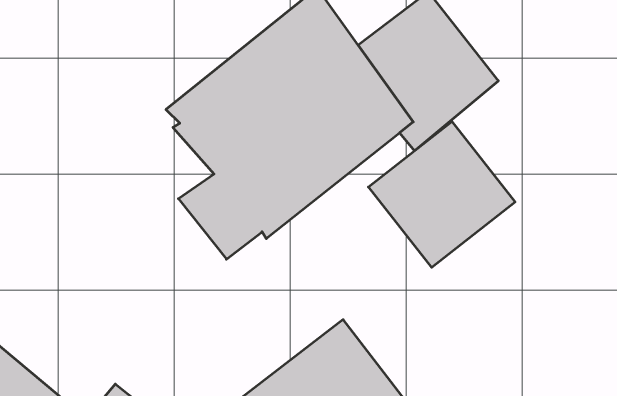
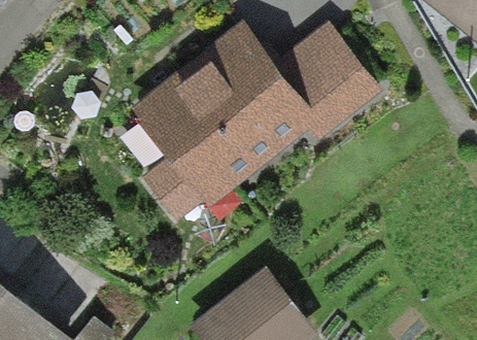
building: [368,122,515,267] -> none

